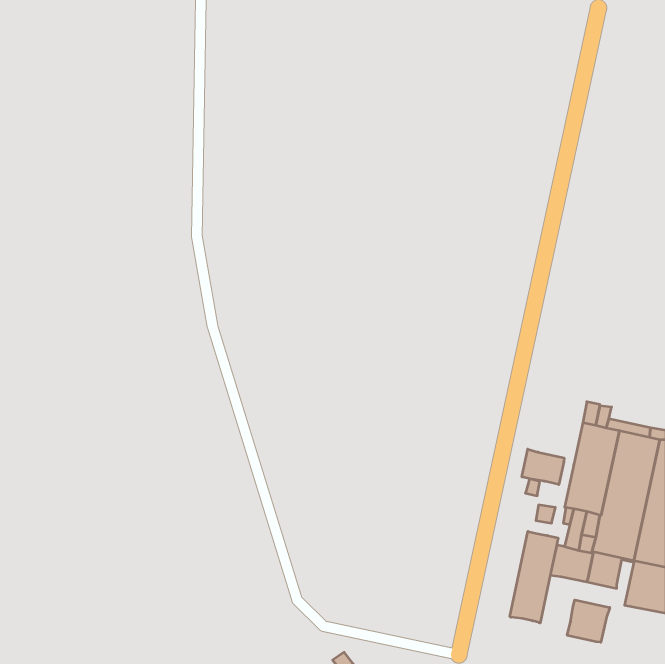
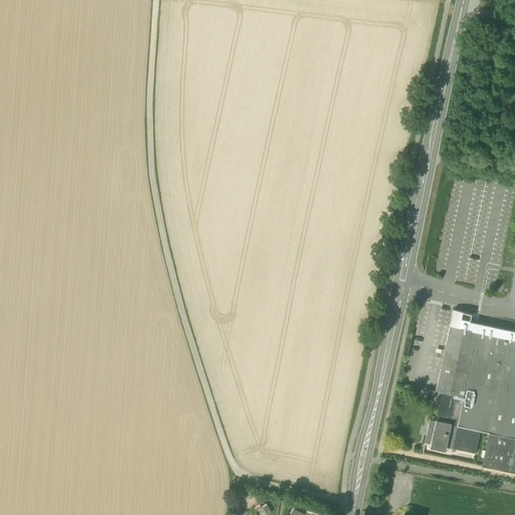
building: [522,449,564,485] -> none
building: [510,531,558,623] -> none
building: [567,600,610,642] -> none

